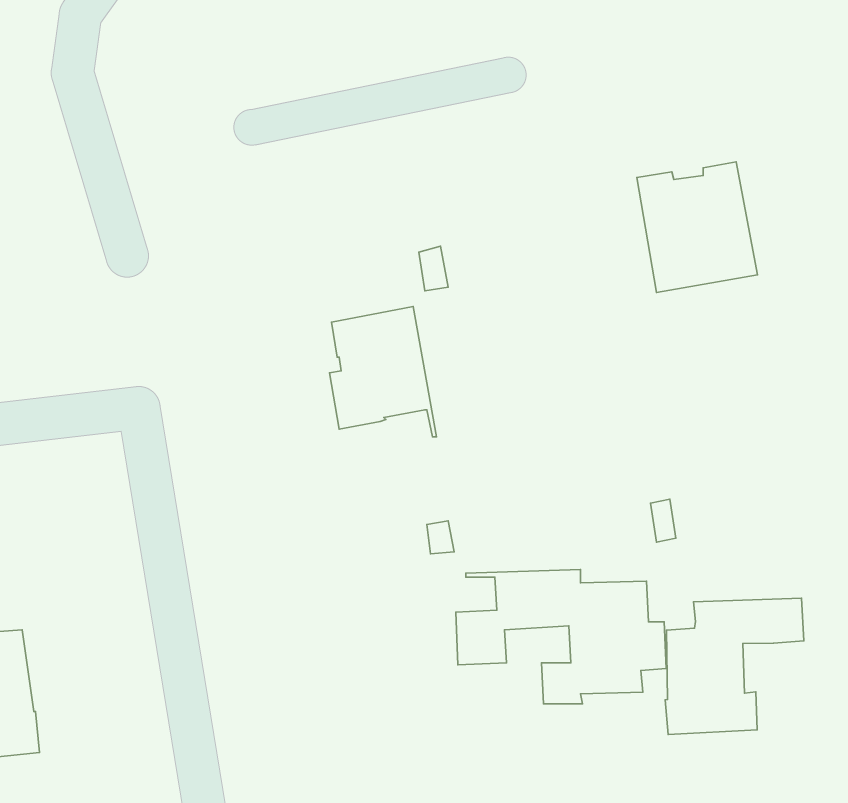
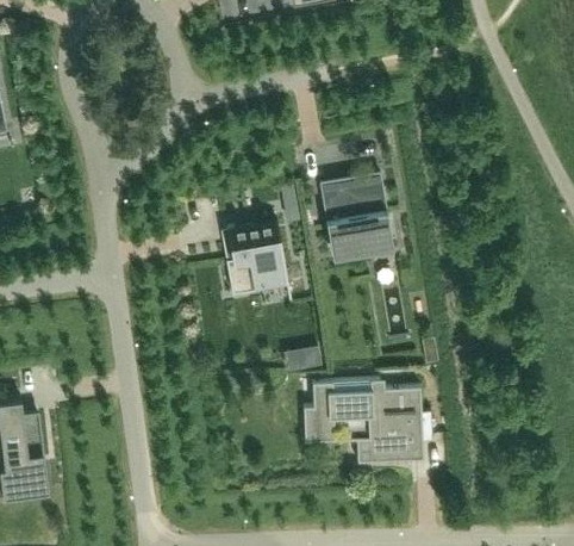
building: [637,162,758,292] -> [319,178,393,258]
building: [665,598,804,734] -> none

